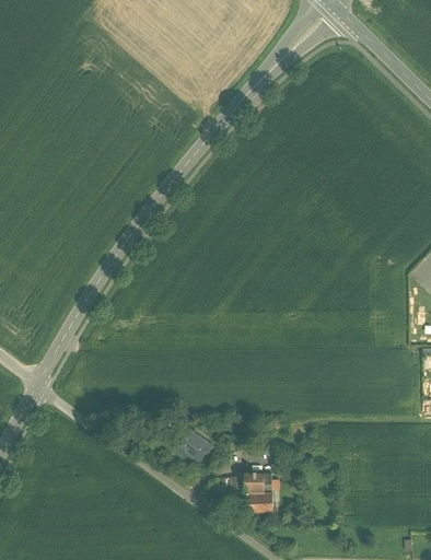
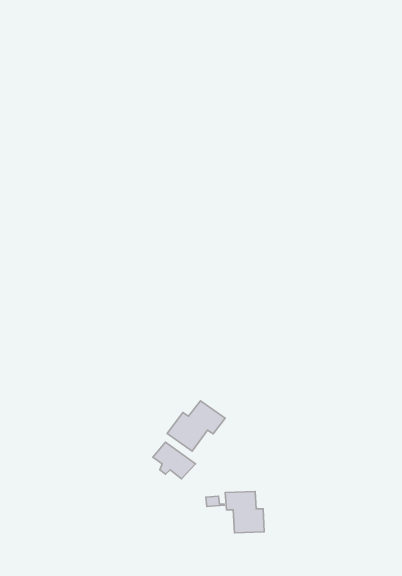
building: none -> [167,401,225,451]

